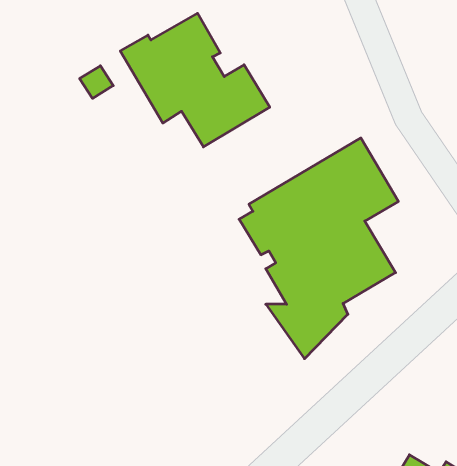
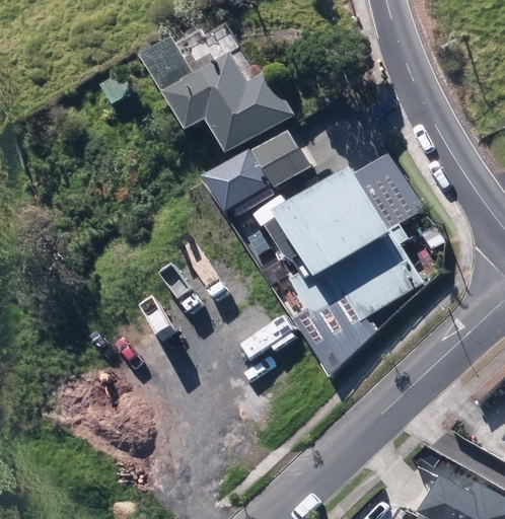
building: none -> [251,127,307,183]
building: none -> [201,147,265,209]

